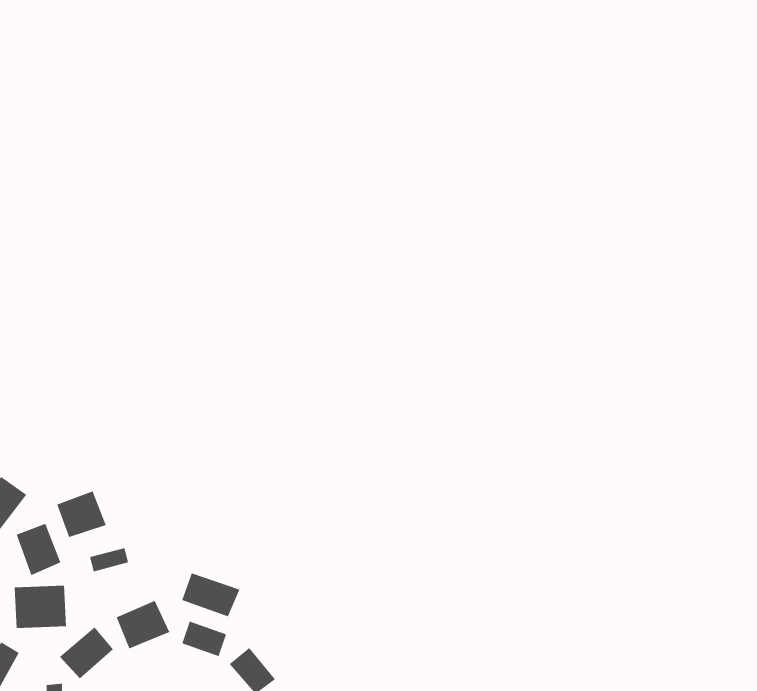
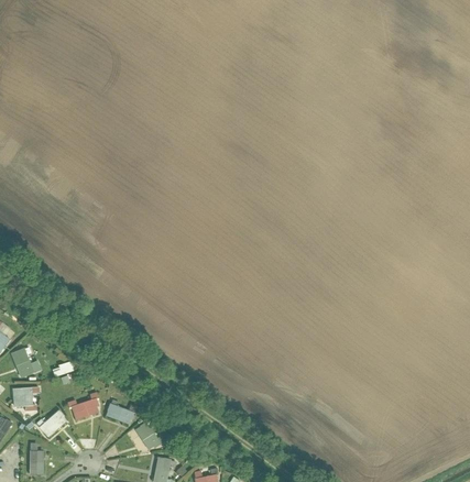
building: [57,491,106,538] -> none
building: [182,573,240,617] -> none

